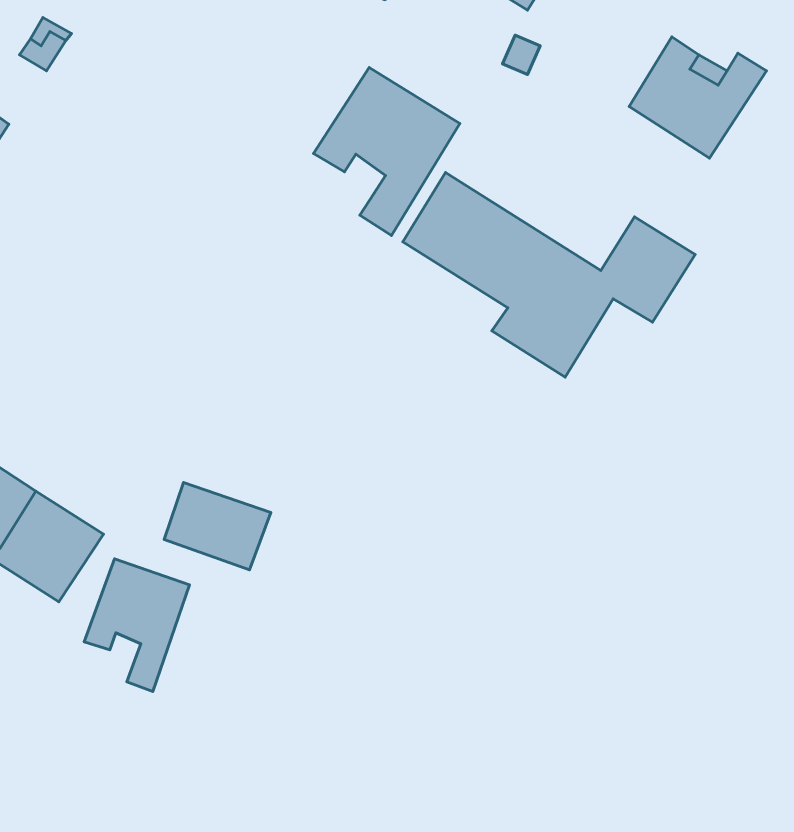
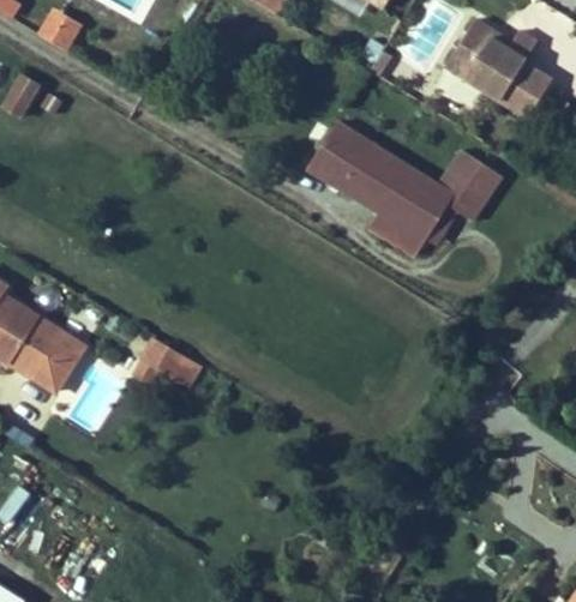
building: [314,67,460,235] -> none
building: [84,559,189,692] -> none

